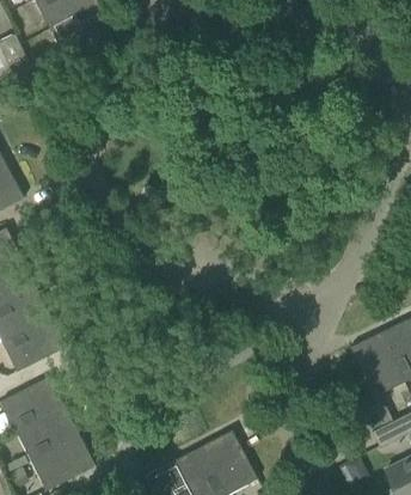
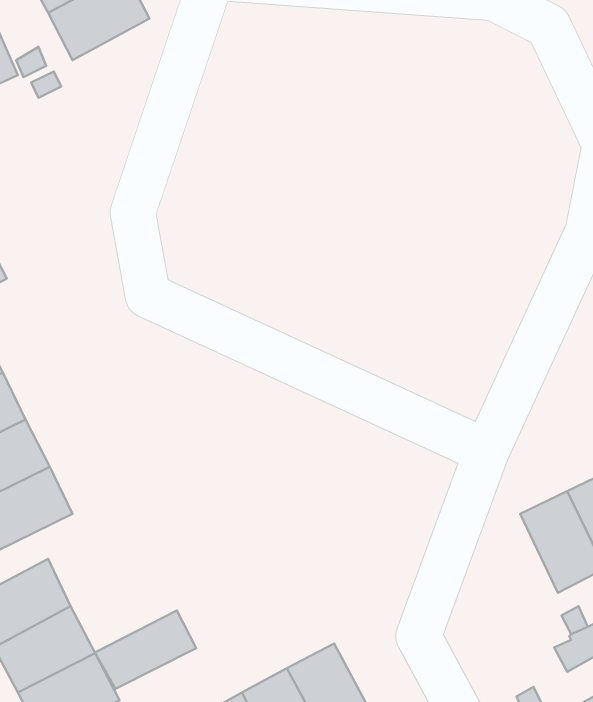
building: none -> [95,611,196,689]

